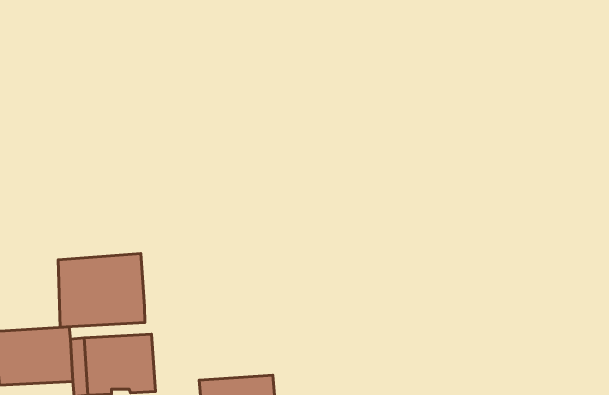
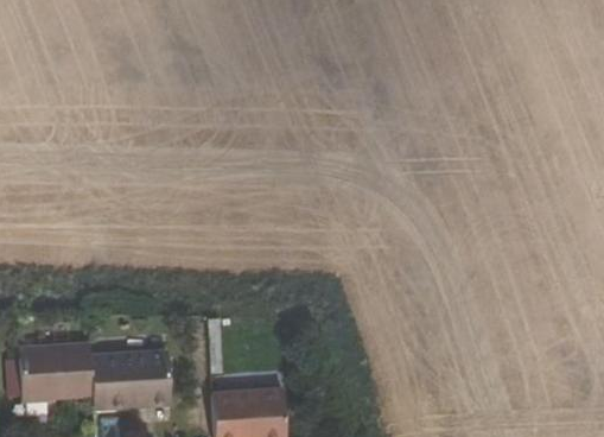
building: [58,254,145,327] -> none

